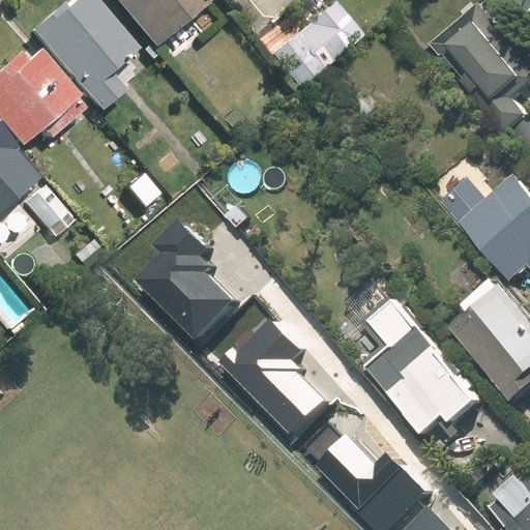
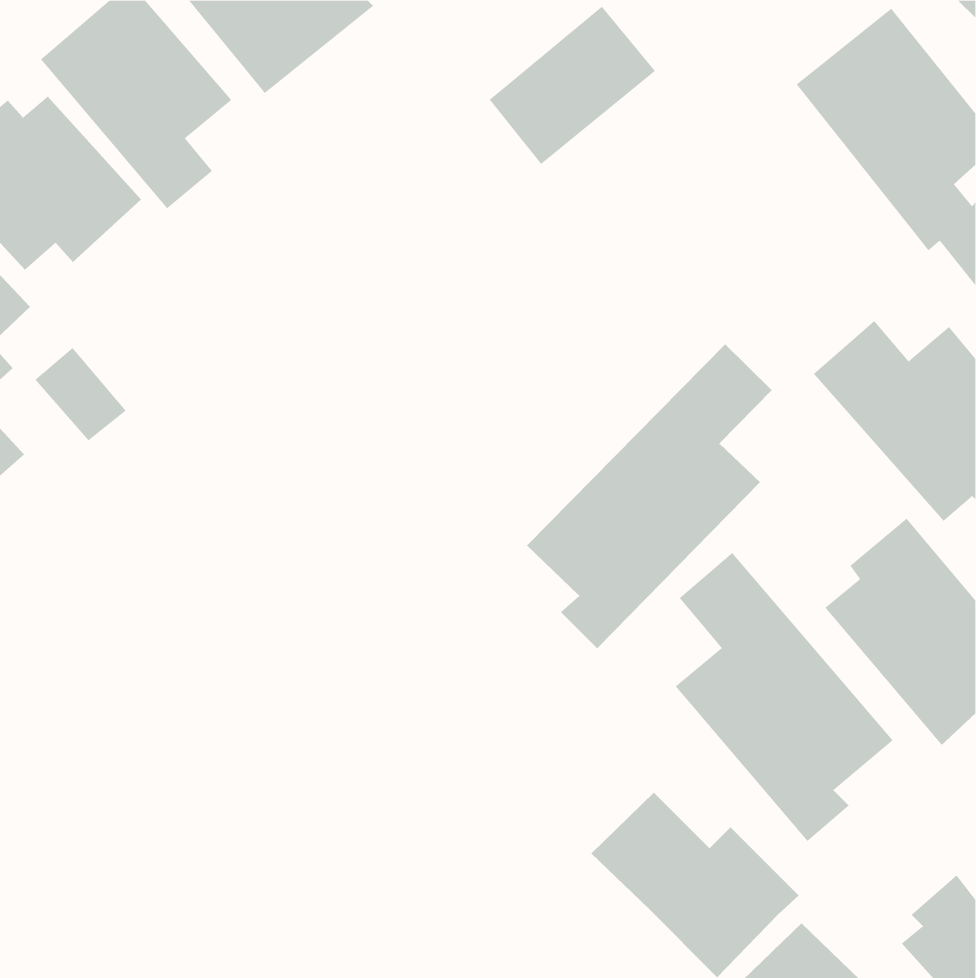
building: none -> [526,344,772,649]
building: [141,214,243,336] -> none
building: [222,313,333,433] -> none

